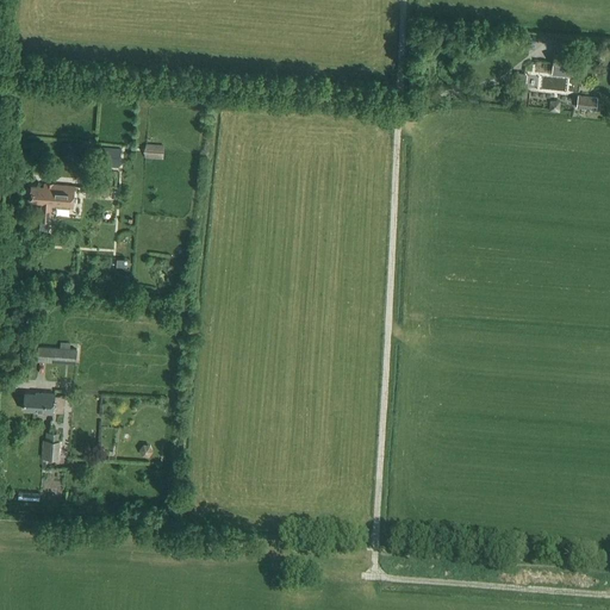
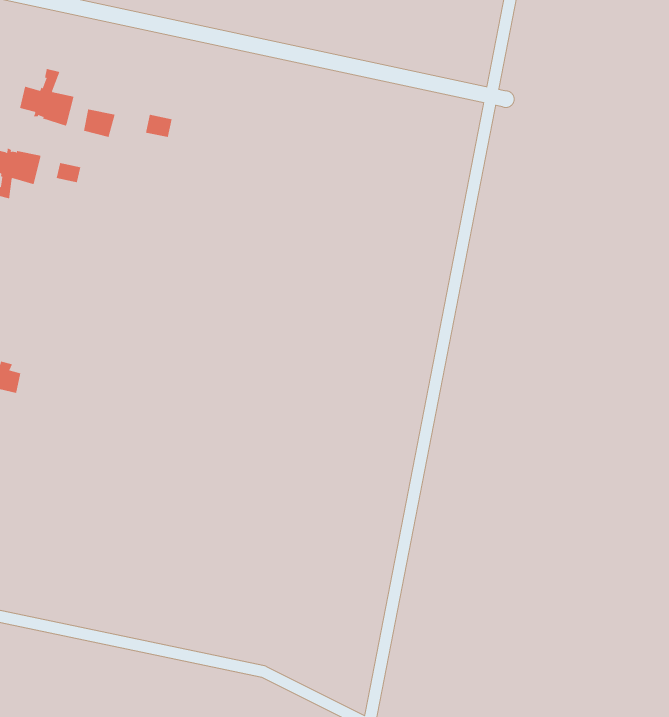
building: none -> [20,68,74,126]

